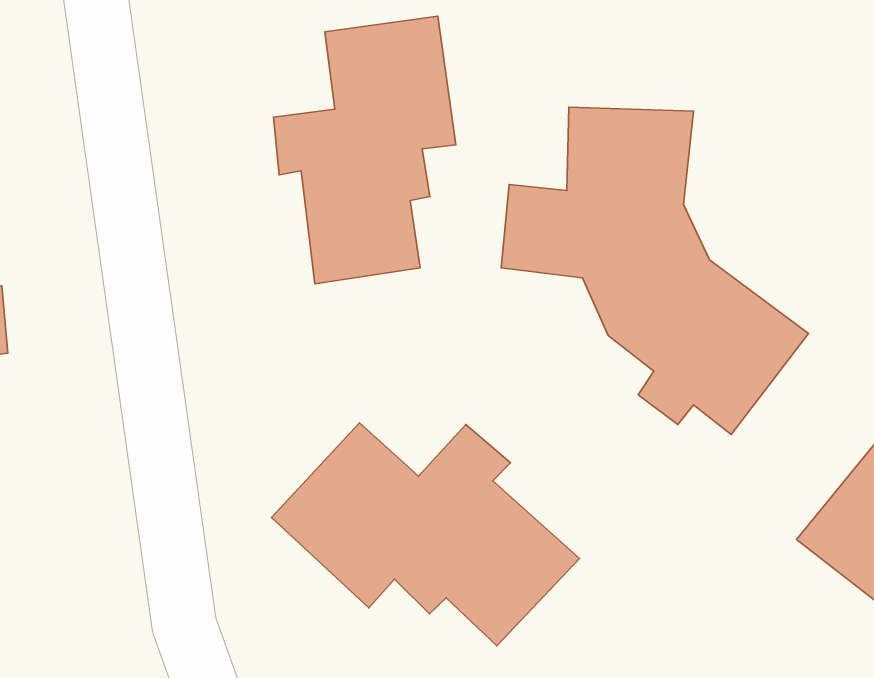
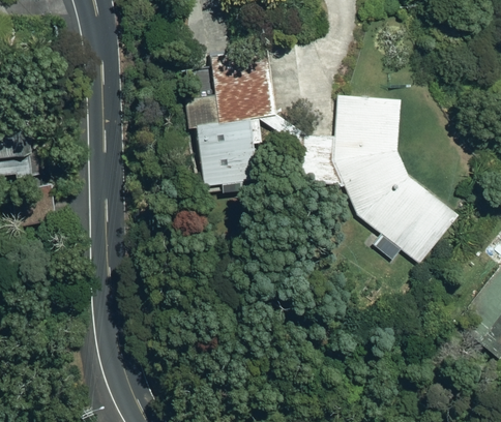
building: [271,423,580,646] -> none

